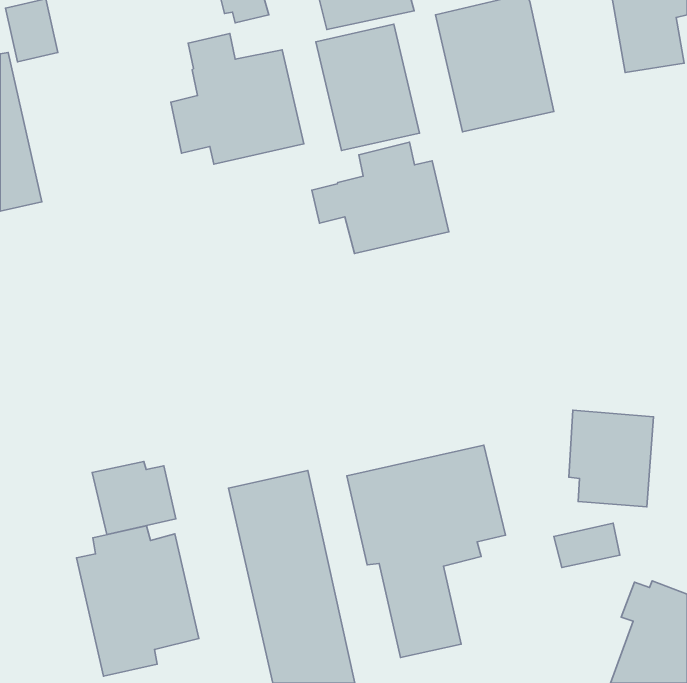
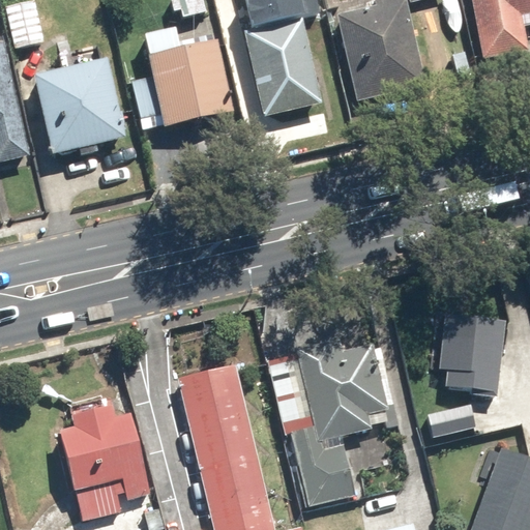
building: none -> [34,57,127,155]
building: [312,142,449,254] -> none
building: [92,461,176,534] -> none

